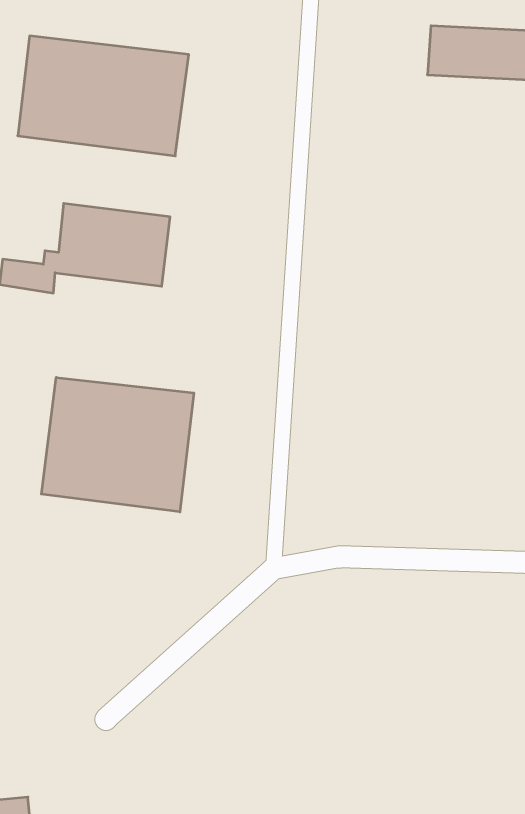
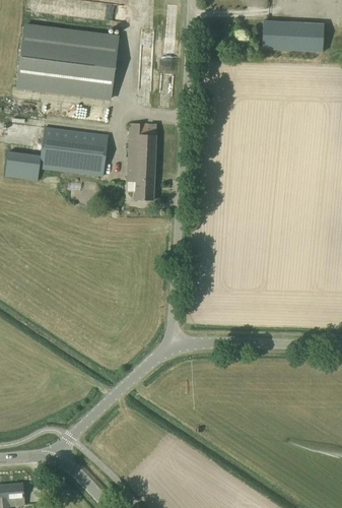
building: none -> [127,122,156,200]
building: [41,377,194,512] -> none

